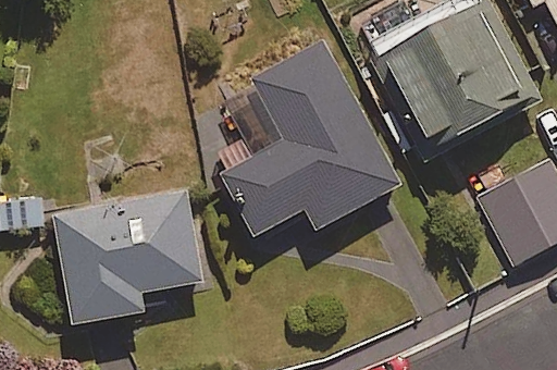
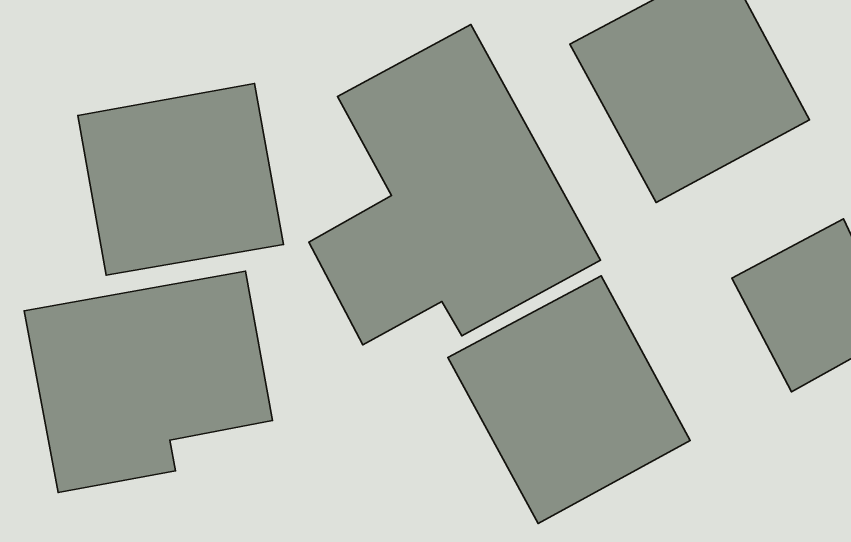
building: none -> [78,83,283,275]
building: none -> [448,276,690,524]

